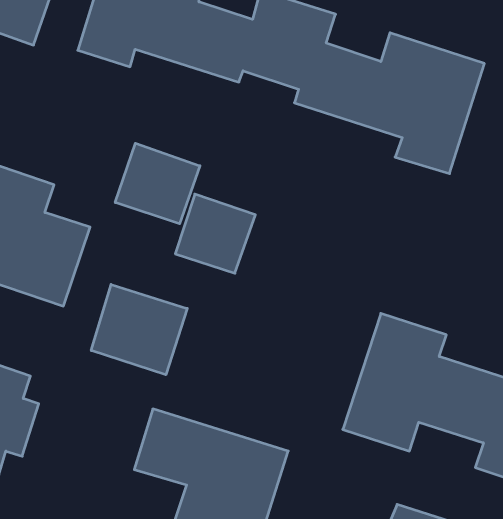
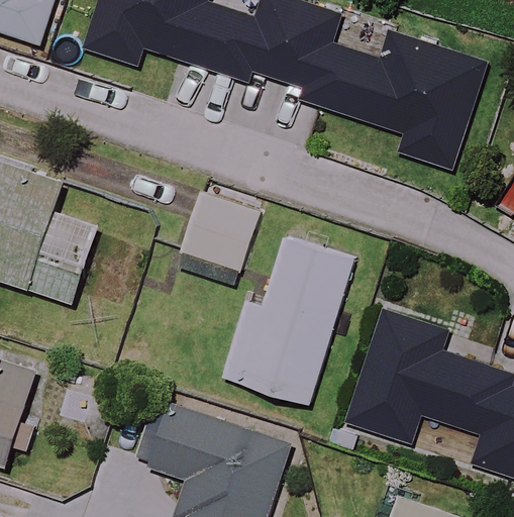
building: [115,143,200,224] -> none
building: none -> [223,234,354,401]
building: [91,284,187,375] -> none

